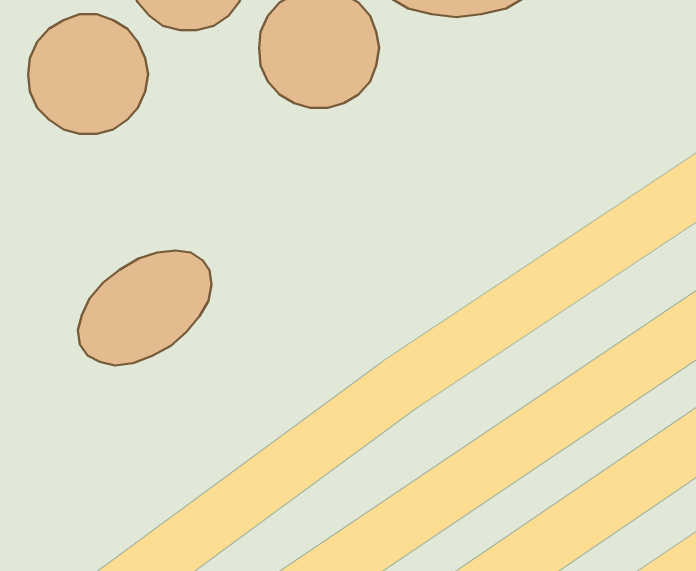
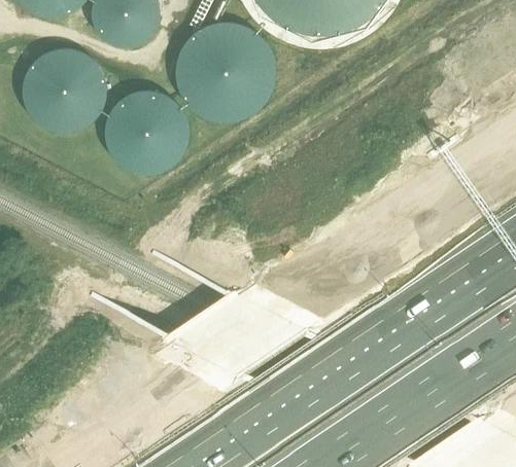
building: none -> [104,84,188,169]
building: [78,250,212,365] -> none

